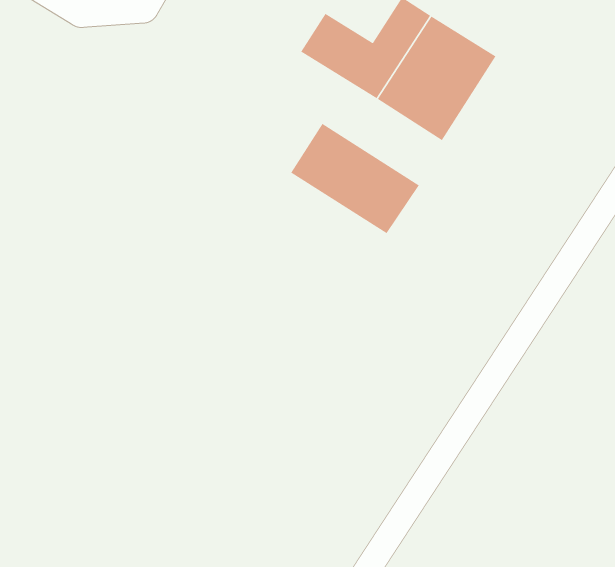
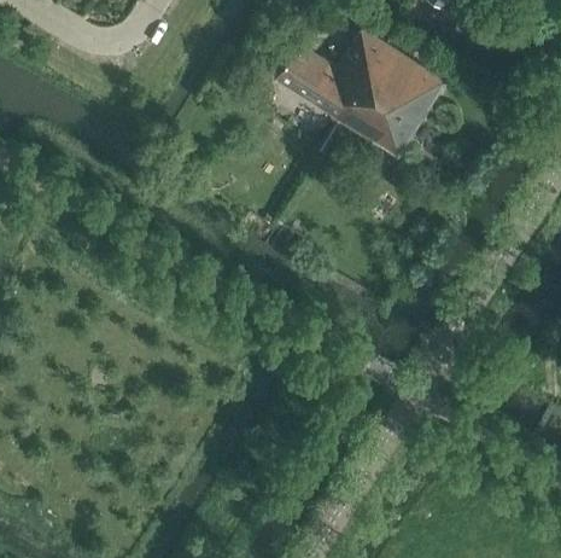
building: [290,123,420,234] -> none

